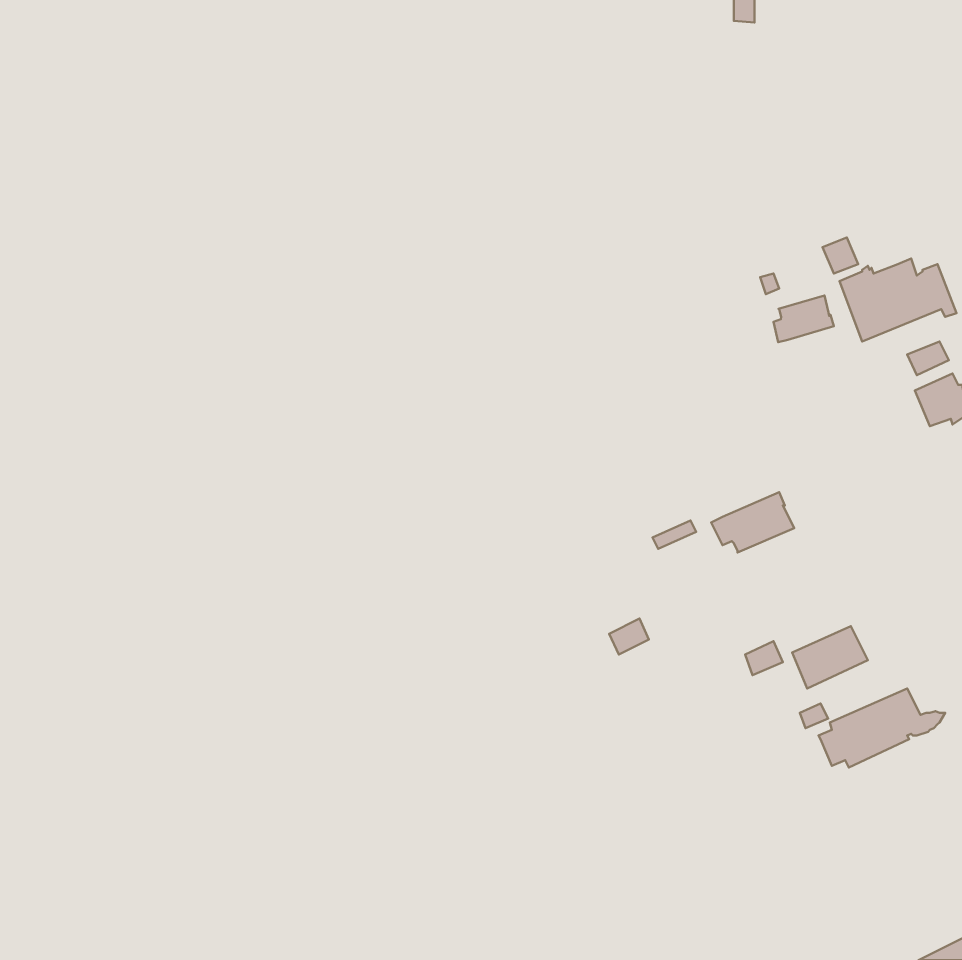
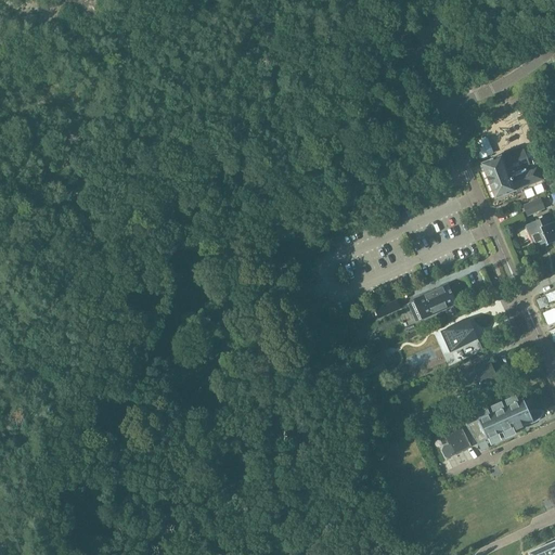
building: [773,295,834,342] -> none
building: none -> [441,318,479,351]
building: none -> [441,418,469,454]

